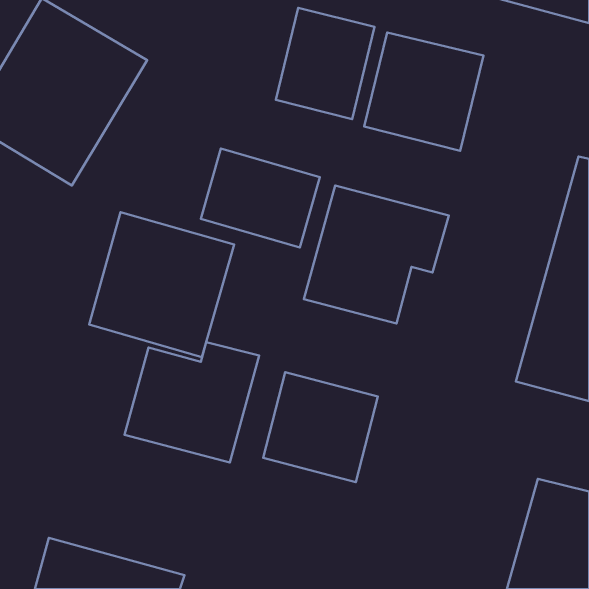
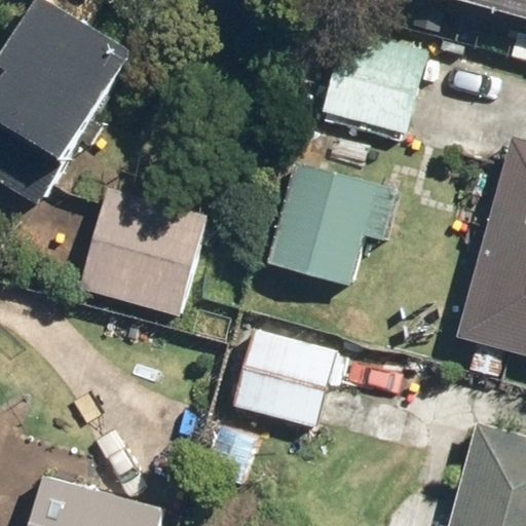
building: [276,8,375,119] -> none
building: [201,148,320,247] -> none
building: [125,342,259,463] -> none

